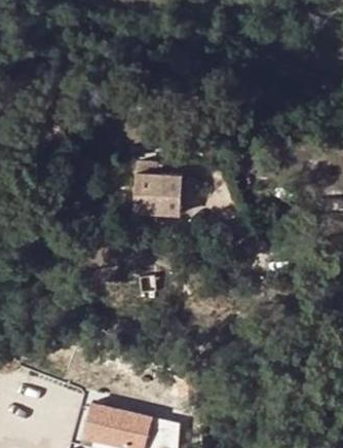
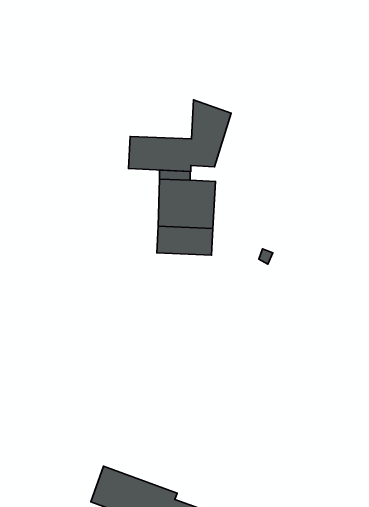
building: none -> [129,100,231,171]

